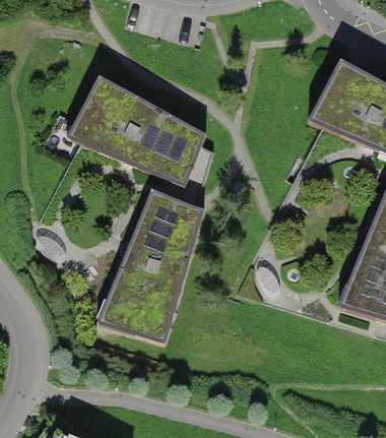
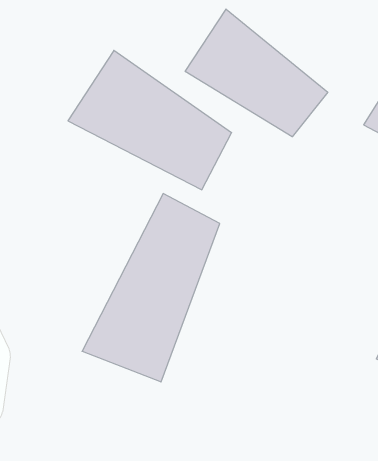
building: none -> [185,9,328,137]

